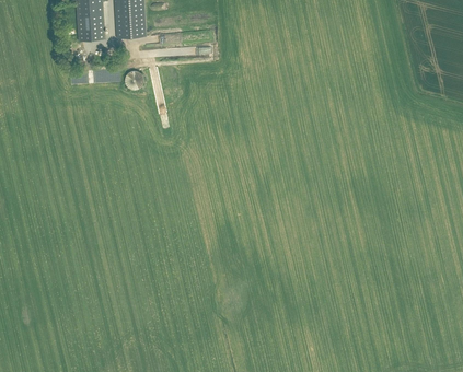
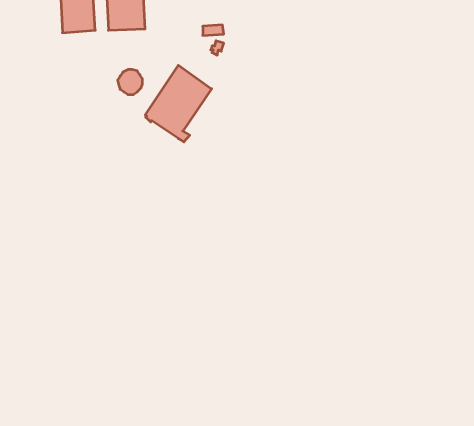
building: none -> [145,65,212,142]

